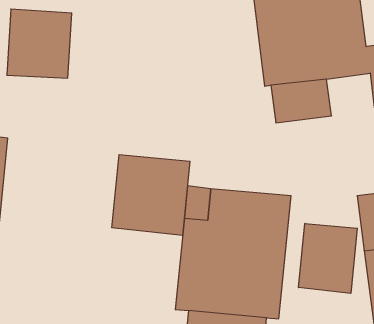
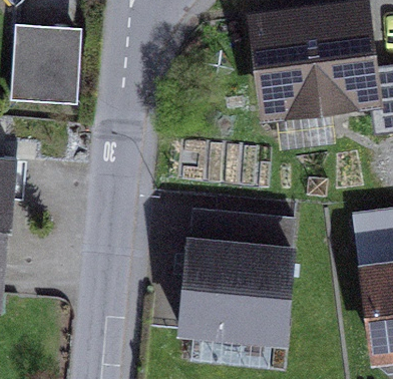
building: [112,155,190,236] -> none
building: [299,223,357,293] -> none

